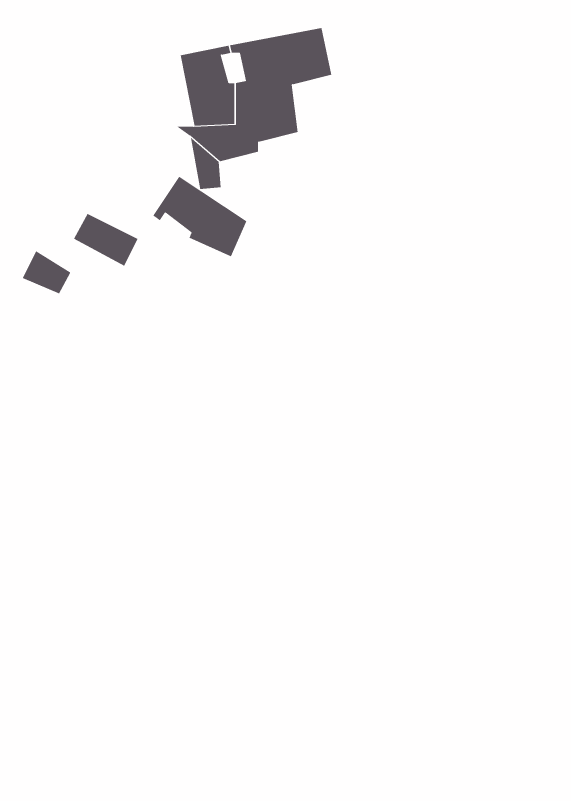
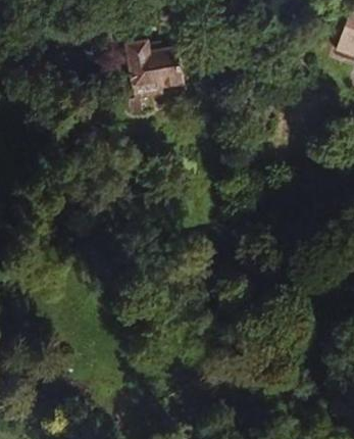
building: [153,176,247,257] -> none

